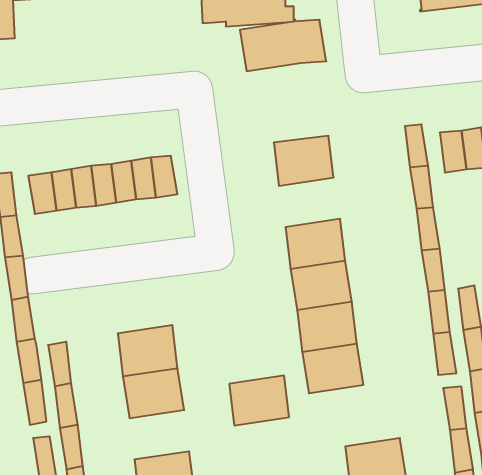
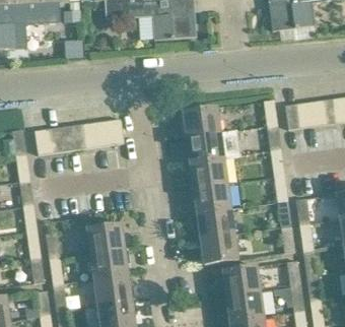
building: [240,20,326,71] -> [186,131,238,162]
building: [229,376,289,425] -> [94,274,131,305]
building: none -> [222,265,260,297]

